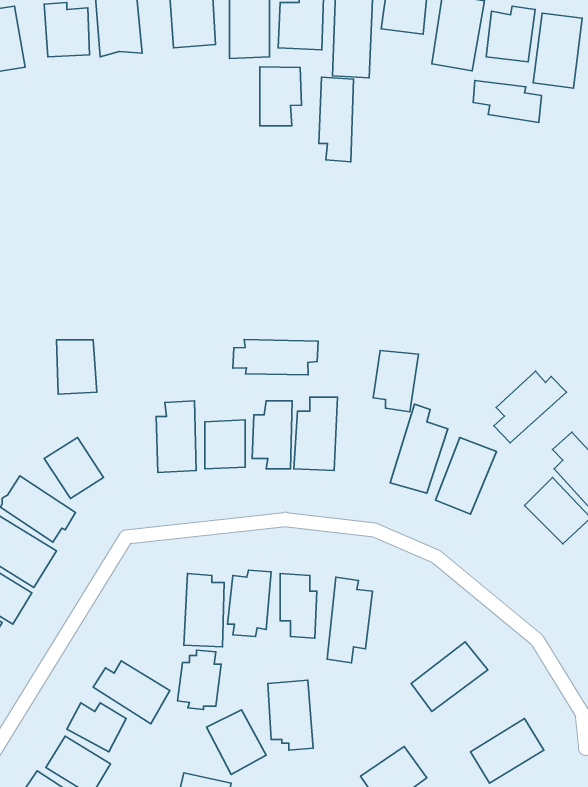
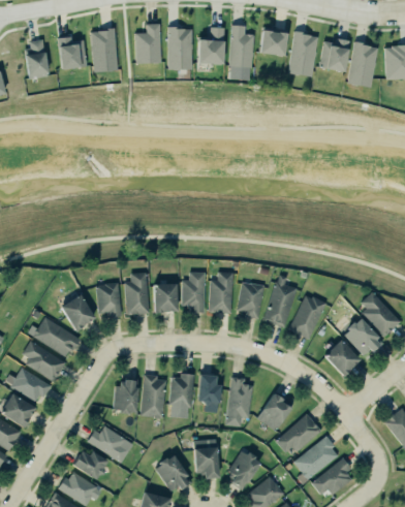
building: [260,67,302,126] -> none
building: [319,77,353,162] -> none
building: [473,80,541,123] -> none
building: [233,339,318,375] -> none
building: [57,340,97,394] -> [97,284,121,316]
building: [373,351,419,412] -> [238,283,264,319]
building: [494,371,567,443] -> none
building: none -> [322,340,359,376]
building: none -> [257,392,292,432]
building: [177,650,221,710] -> [112,379,137,414]
building: none -> [293,438,340,482]
building: none -> [226,450,260,489]

